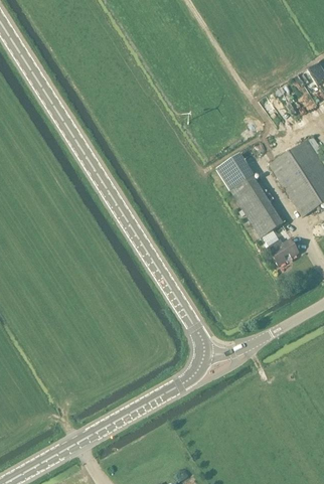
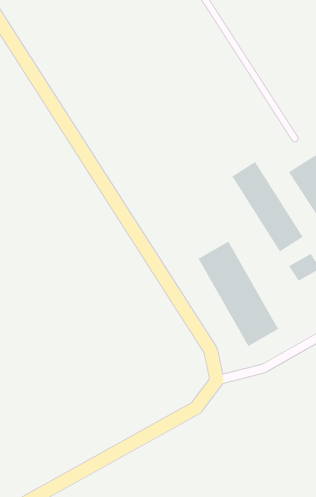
building: none -> [198,241,279,347]

